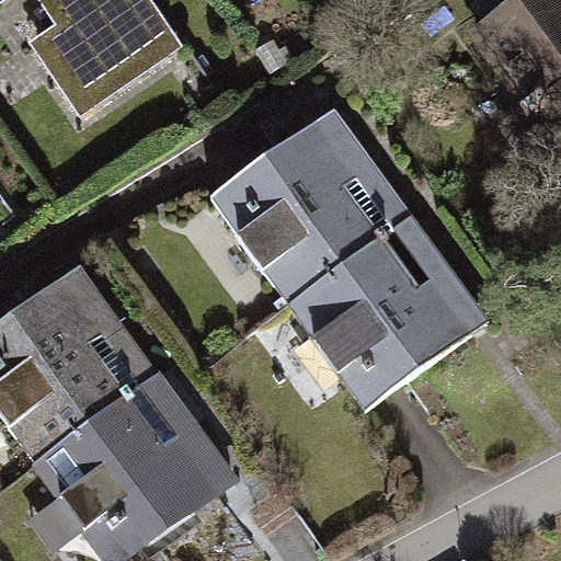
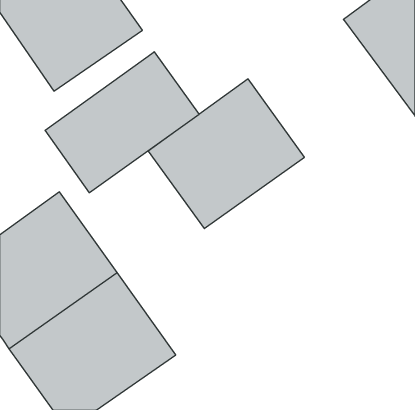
building: none -> [45,52,199,193]
building: [275,211,489,417] -> none

